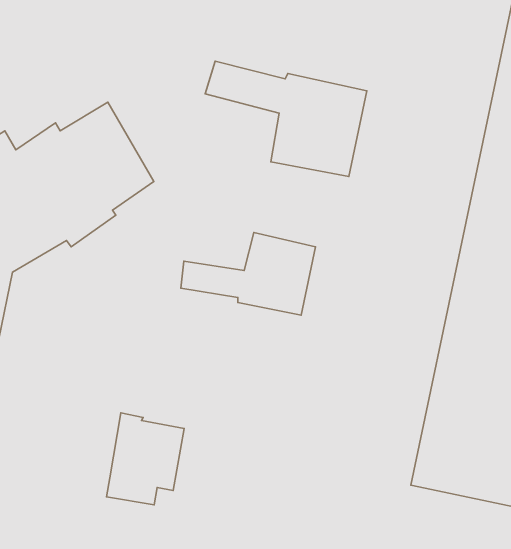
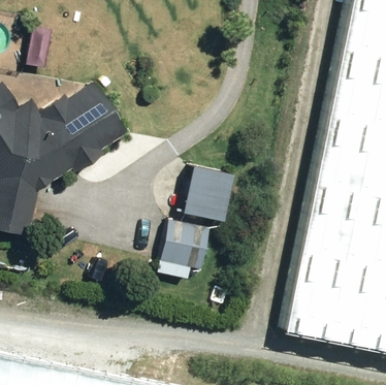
building: [205,61,367,176] -> none
building: [107,413,184,505] -> [158,218,208,278]

